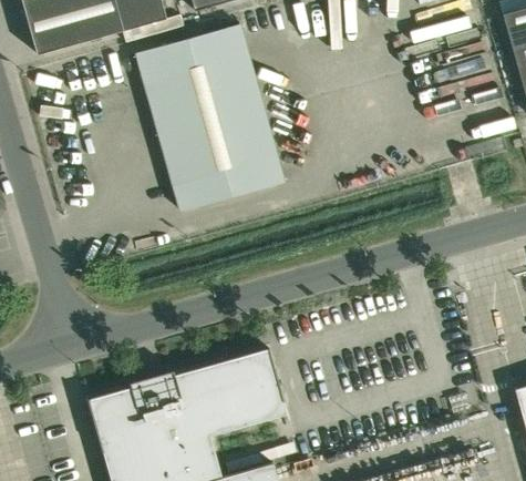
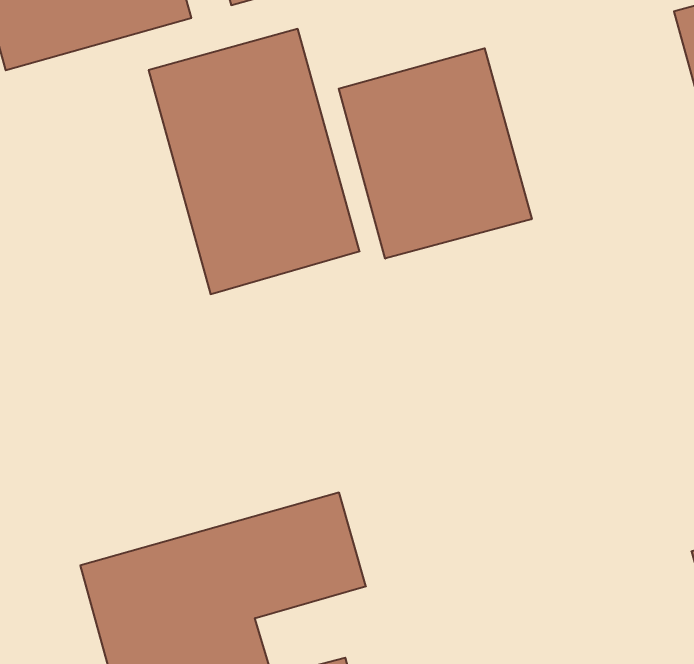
building: none -> [339,48,532,259]

